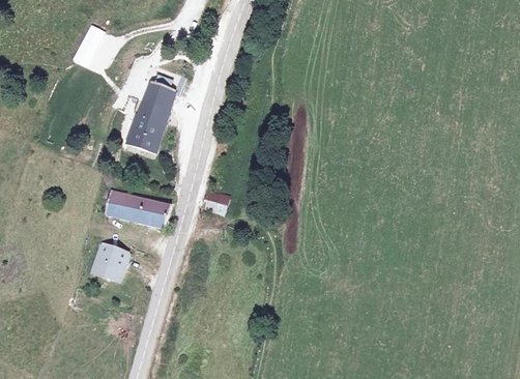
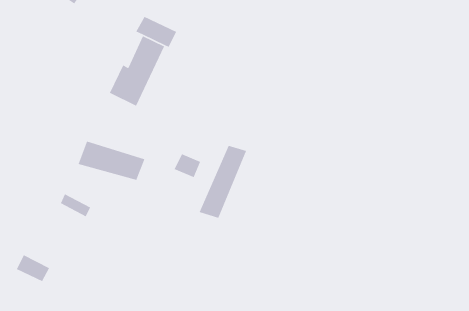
building: none -> [198,145,247,219]
building: [91,256,123,280] -> [16,254,50,282]

